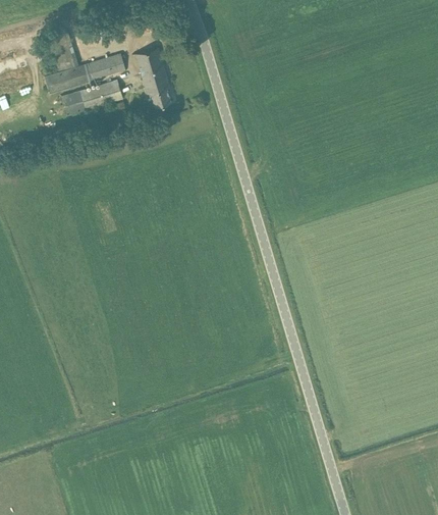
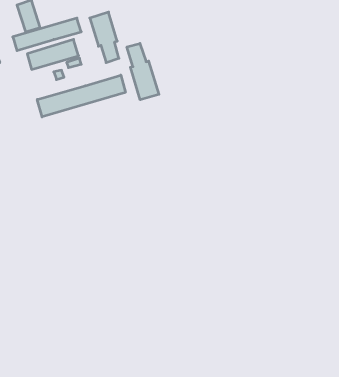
building: none -> [127,43,159,100]
building: none -> [37,75,125,117]

